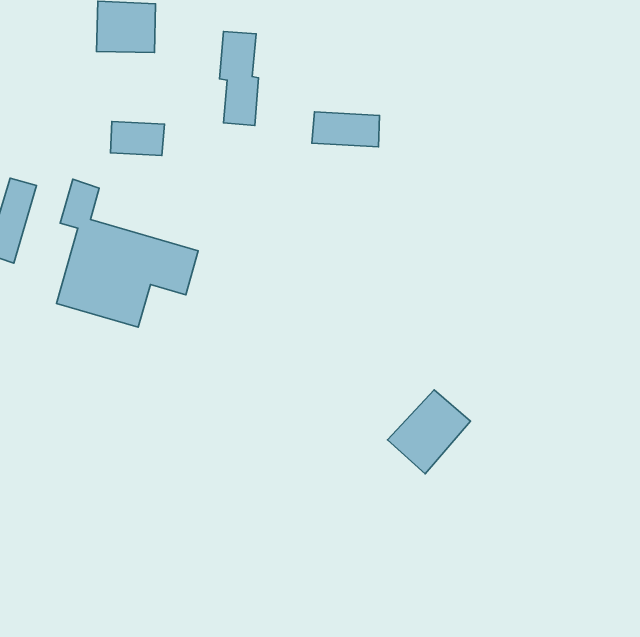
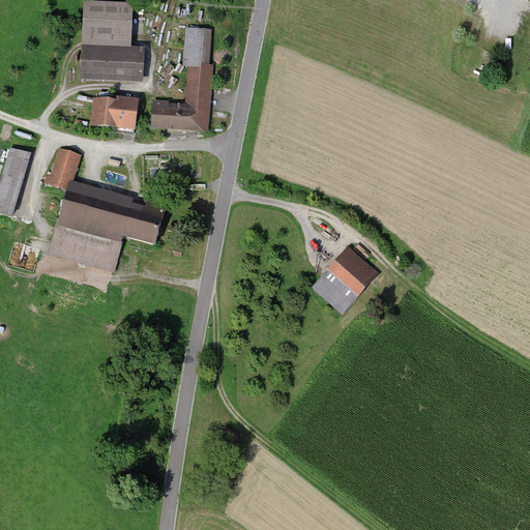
building: none -> [79,42,143,78]
building: [312,112,380,147] -> [150,101,206,130]
building: [388,390,470,474] -> [312,246,380,316]

